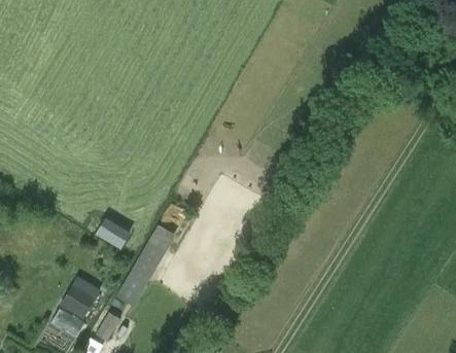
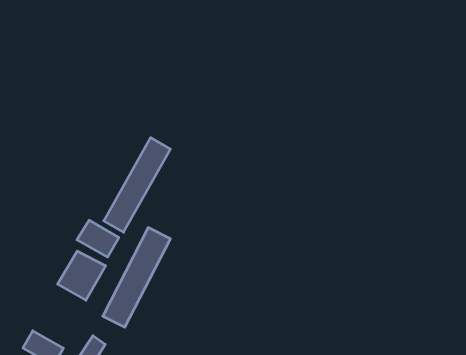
building: none -> [104,138,170,232]
building: [61,278,101,319] -> [58,251,106,300]

